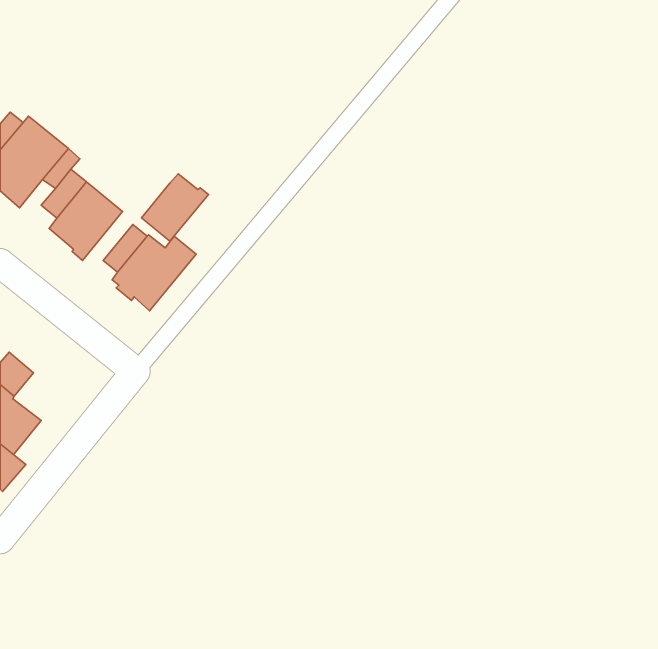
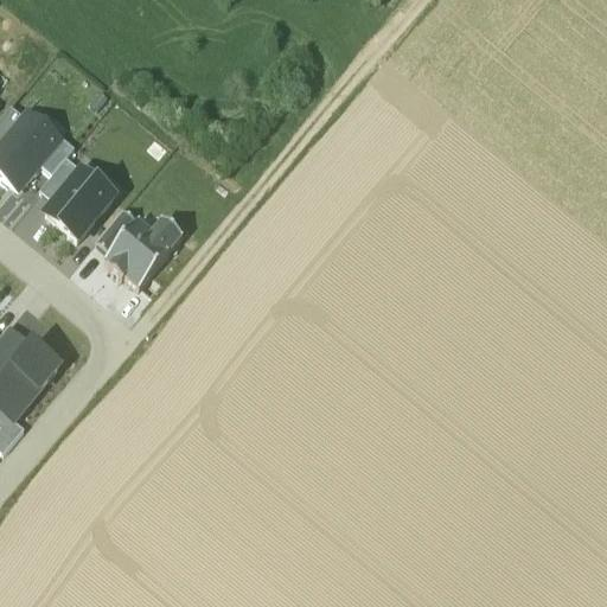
building: [141,174,209,241] -> none
building: none -> [13,343,58,386]

